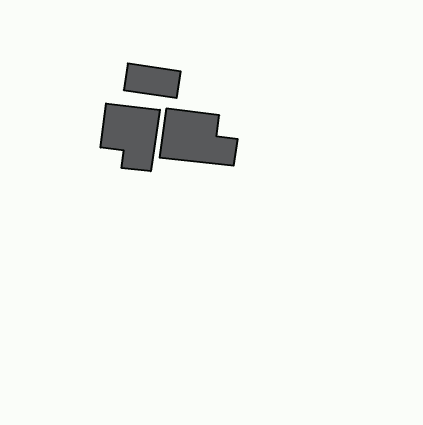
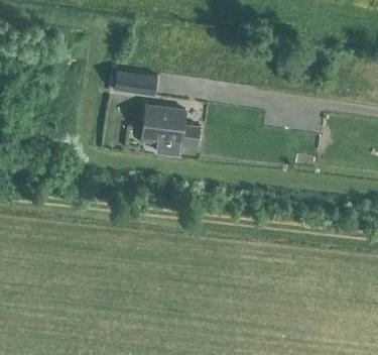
building: [101,103,160,171] -> none

